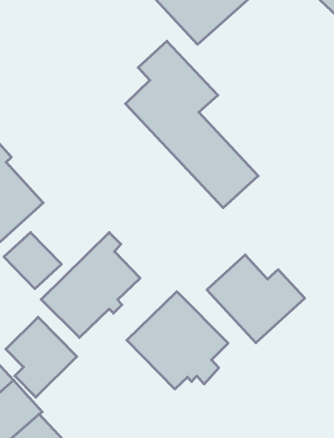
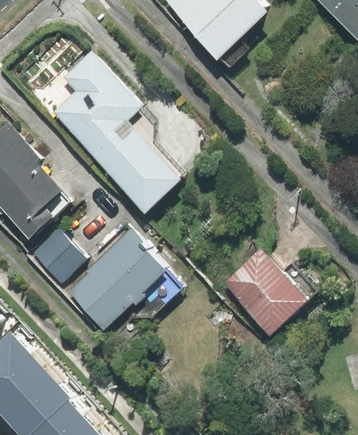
building: [125,41,258,208] -> [53,53,178,210]
building: [127,292,228,389] -> none
building: [6,317,77,397] -> none

